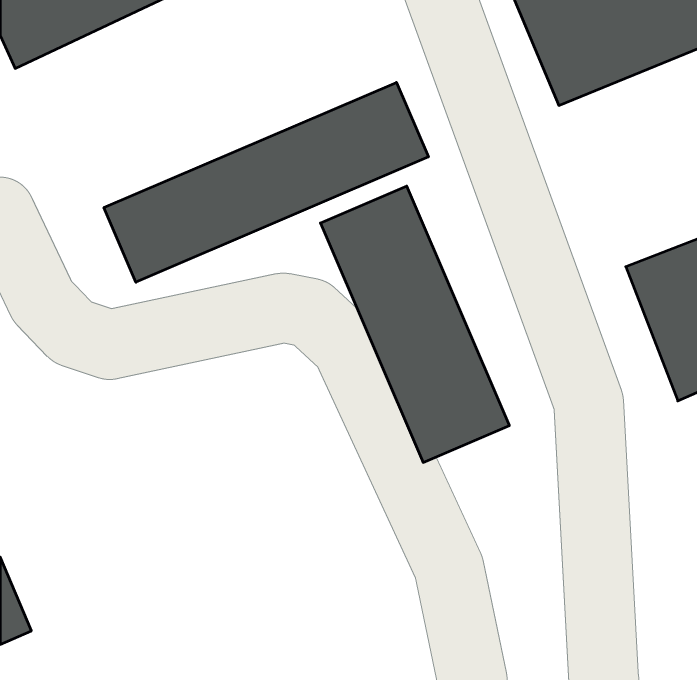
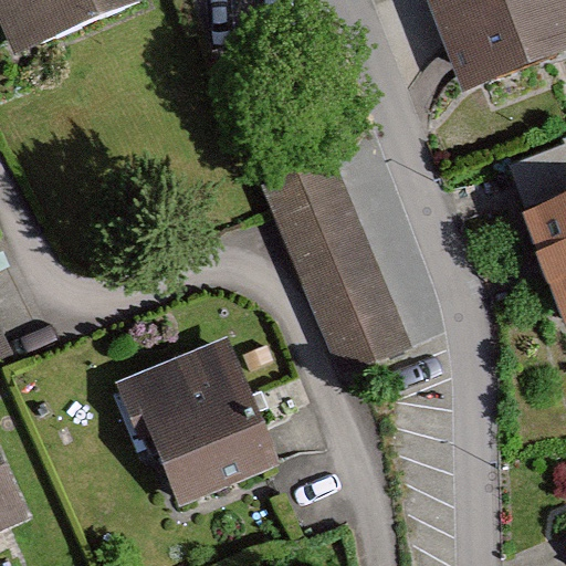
building: [104,82,428,282] -> none
building: none -> [126,342,277,505]

